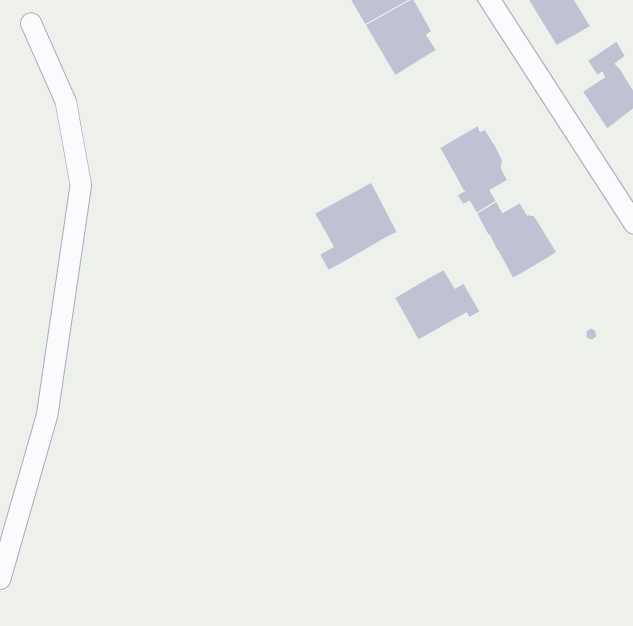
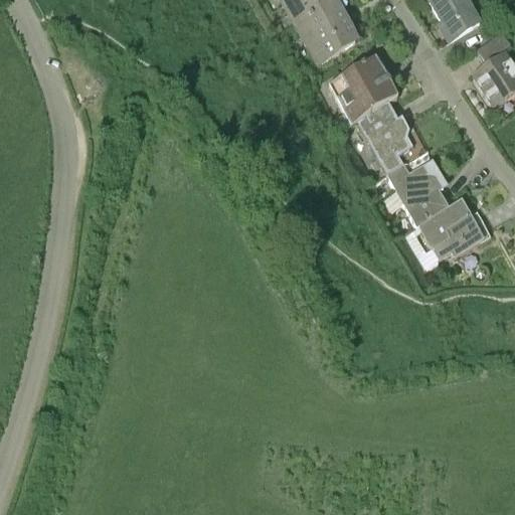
building: [314,182,398,271] -> [329,57,396,129]
building: [394,269,480,340] -> [420,200,490,258]

